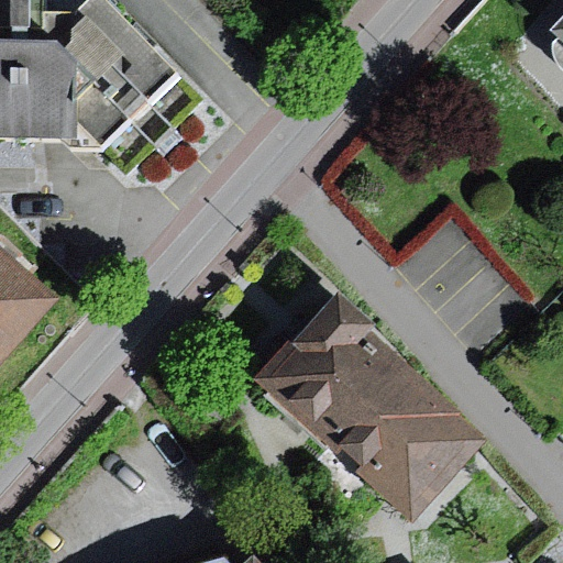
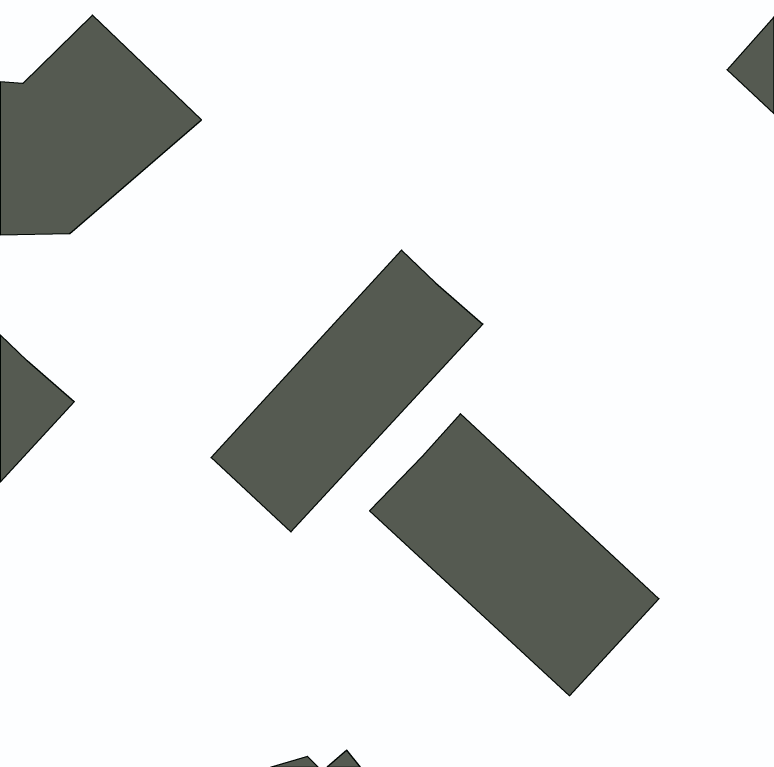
building: none -> [211,250,483,532]

